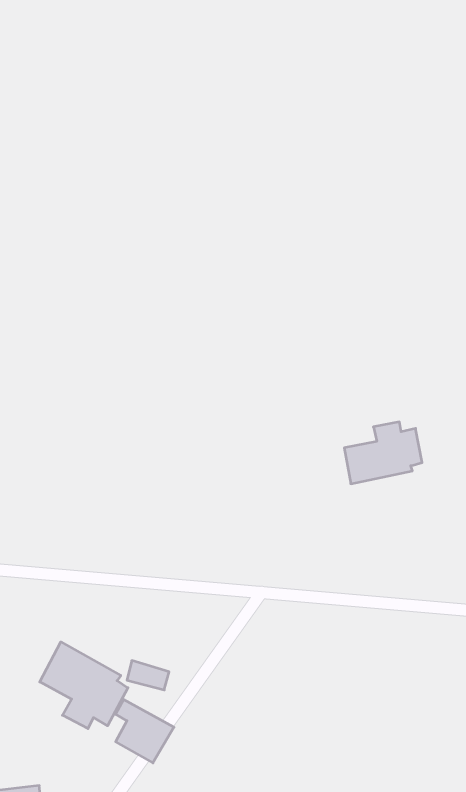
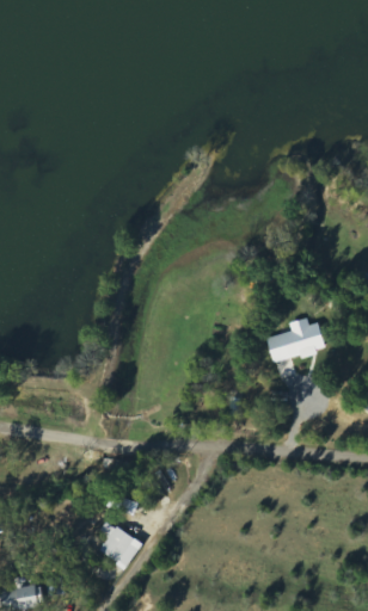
building: [40,642,128,729] -> none

